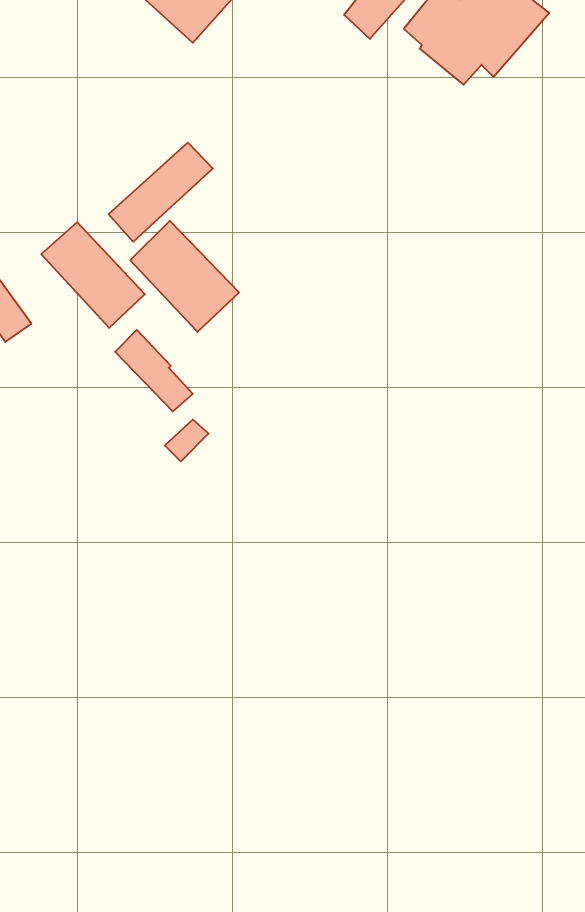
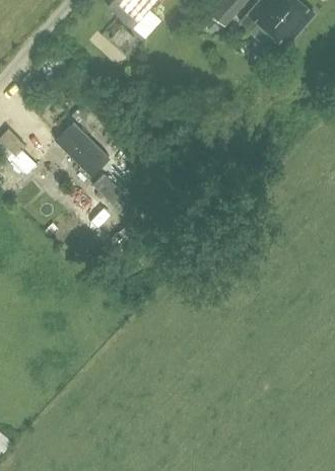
building: [109,143,213,242] -> none
building: [130,221,239,332] -> none

